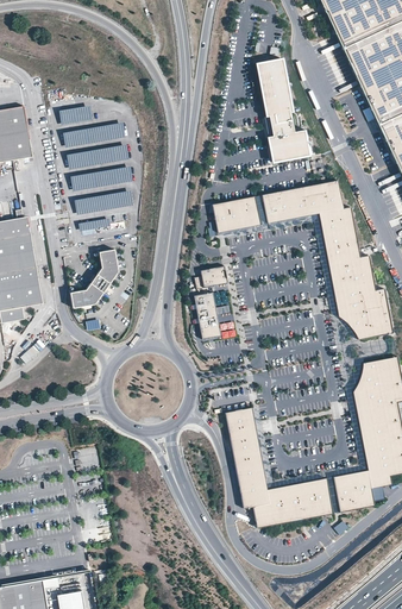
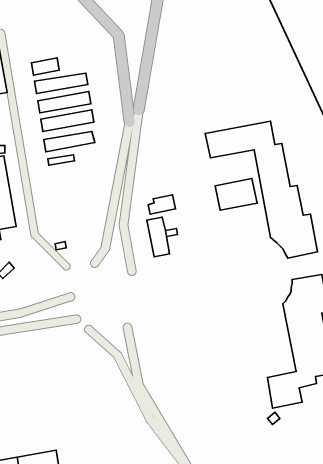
building: [257,62,309,165] -> none
building: [212,196,260,233] -> [215,179,257,210]
building: [70,249,118,308] -> none
building: [225,407,333,528] -> none

